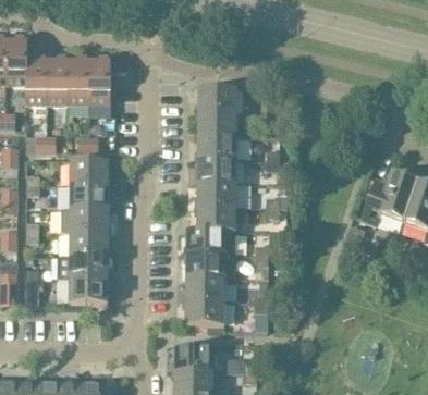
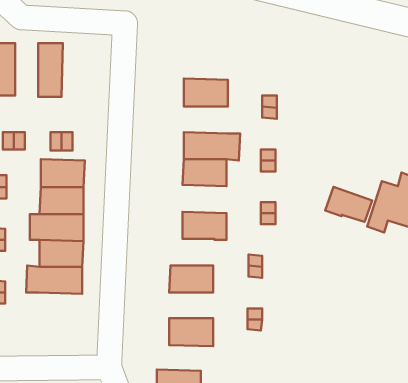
building: [47,57,68,104] -> none
building: [88,57,110,104] -> none
building: [197,113,236,137] -> none
building: [196,183,235,208] -> none
building: none -> [325,187,372,222]
building: [185,230,235,255] -> none
building: [68,279,107,304] -> none
building: [184,279,223,301] -> none

